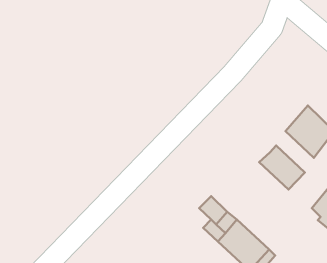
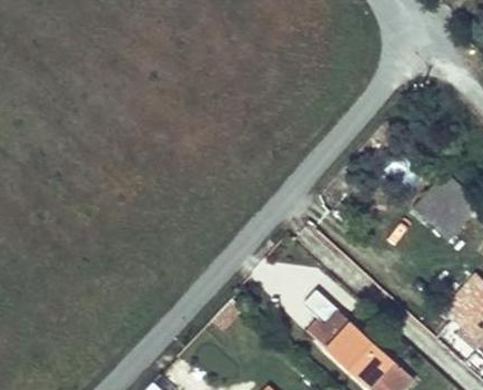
building: [259,146,305,190] -> none

